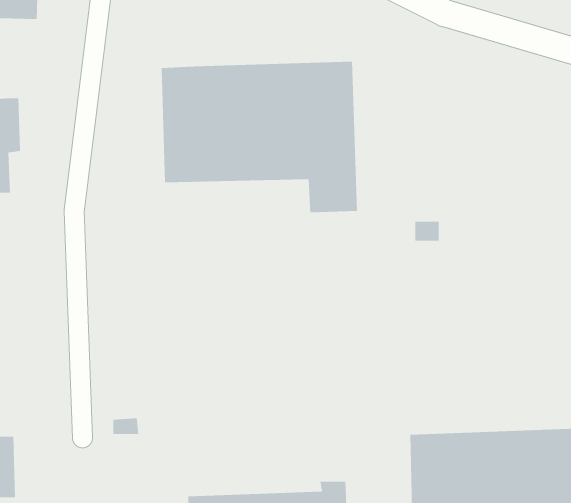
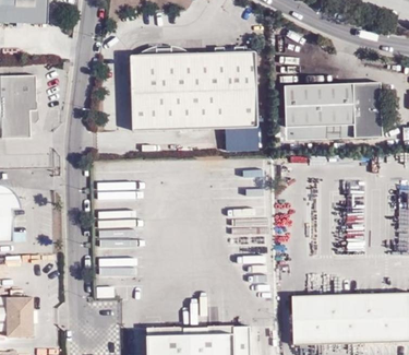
building: none -> [273,82,382,140]

